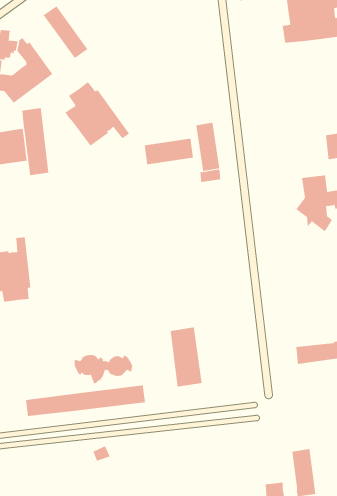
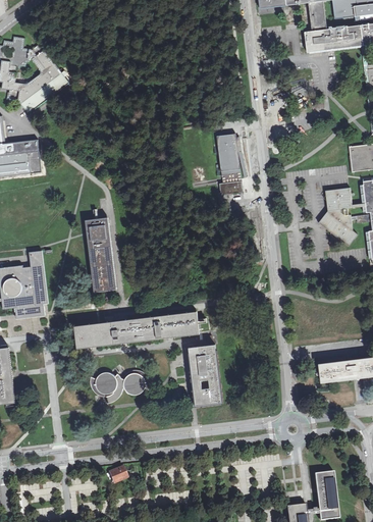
building: [43,6,88,59] -> none
building: [65,81,130,147] -> none
building: [22,108,49,176] -> [87,219,115,290]
building: [144,138,194,165] -> none
building: [25,385,146,416] -> [74,314,199,347]

